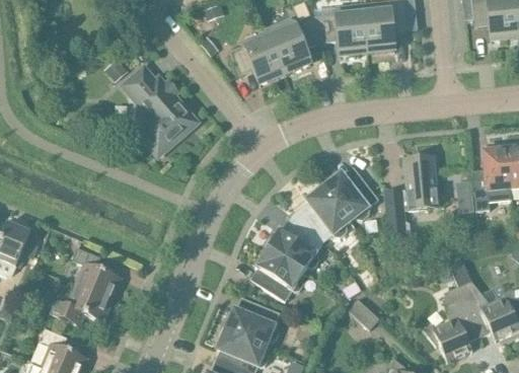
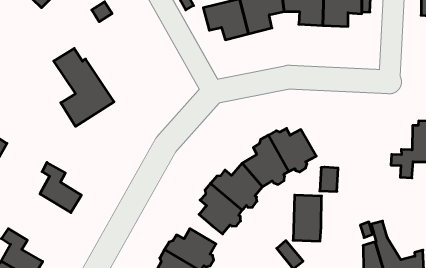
building: [123,68,197,155] -> [54,48,114,126]
building: [402,156,438,210] -> [293,195,322,241]
building: [49,284,112,322] -> none

